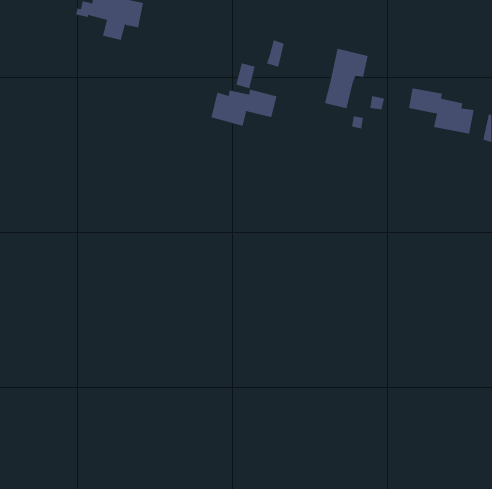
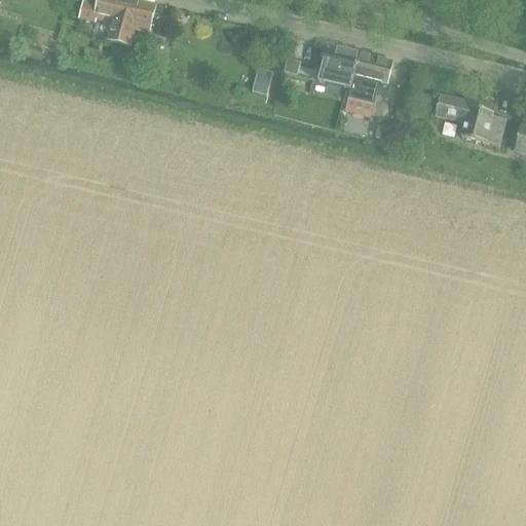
building: none -> [317,44,359,86]
building: [211,89,277,126] -> none

